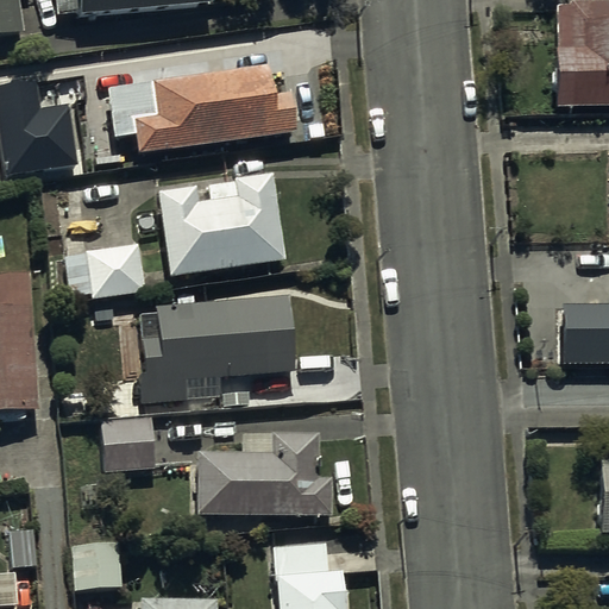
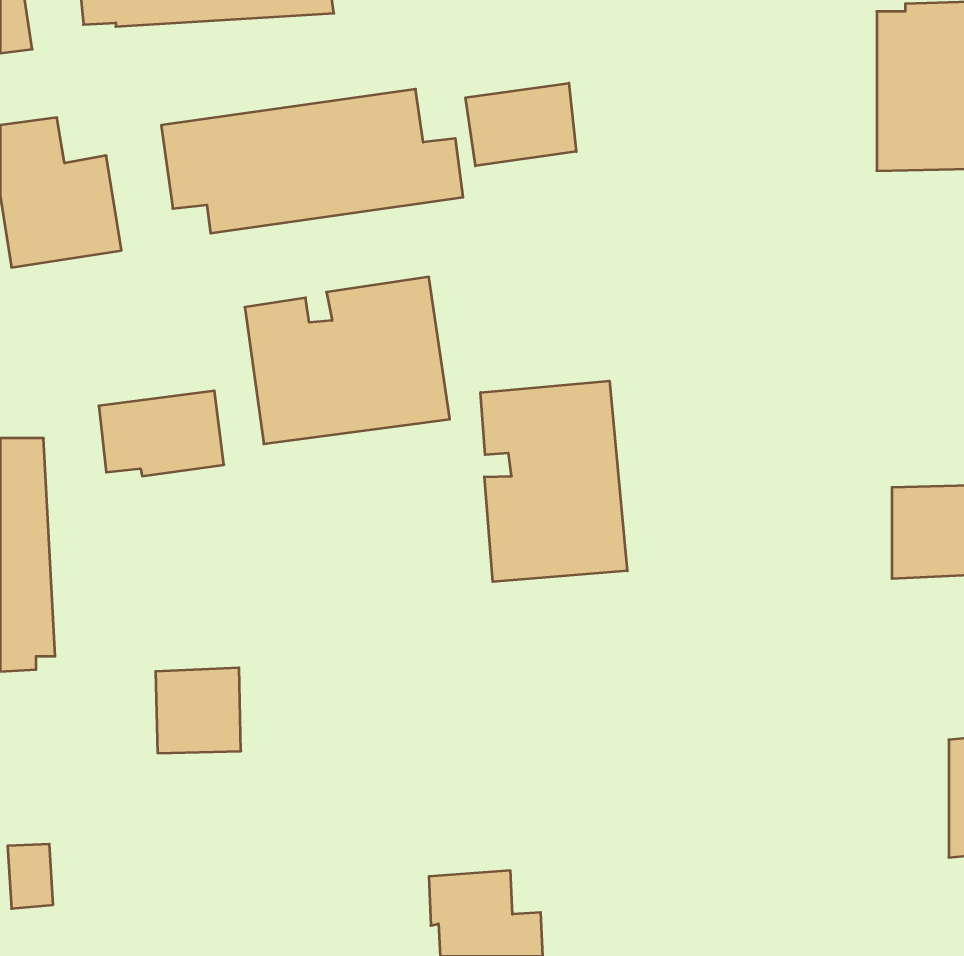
building: none -> [466,83,576,166]
building: none -> [481,381,627,582]
building: [139,296,293,403] -> none
building: [196,435,332,519] -> none
building: [70,542,121,589] -> none

